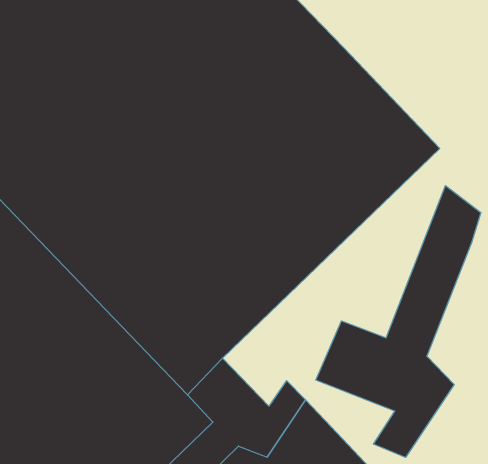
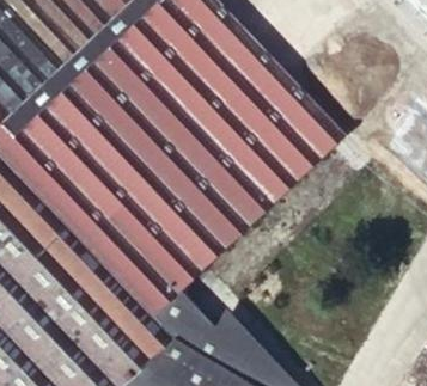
building: [316,186,481,457] -> none

